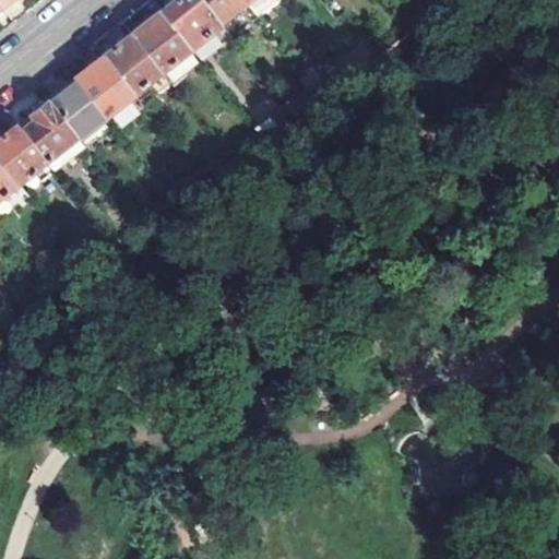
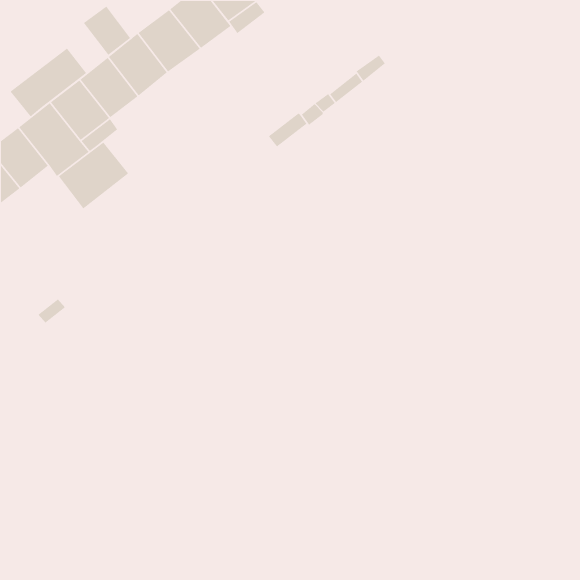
building: none -> [83,5,131,56]
building: none -> [9,47,87,117]
building: none -> [58,142,129,210]

